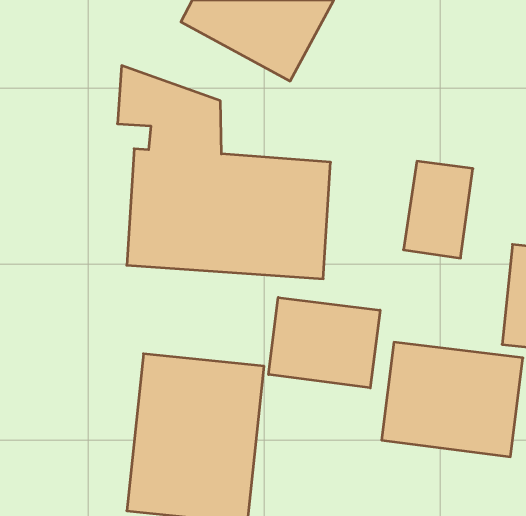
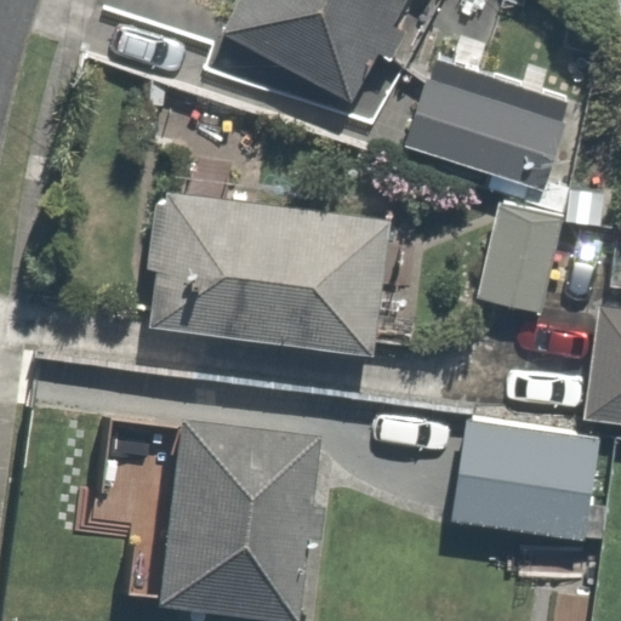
building: none -> [397,72,563,194]
building: [269,297,380,388] -> none

